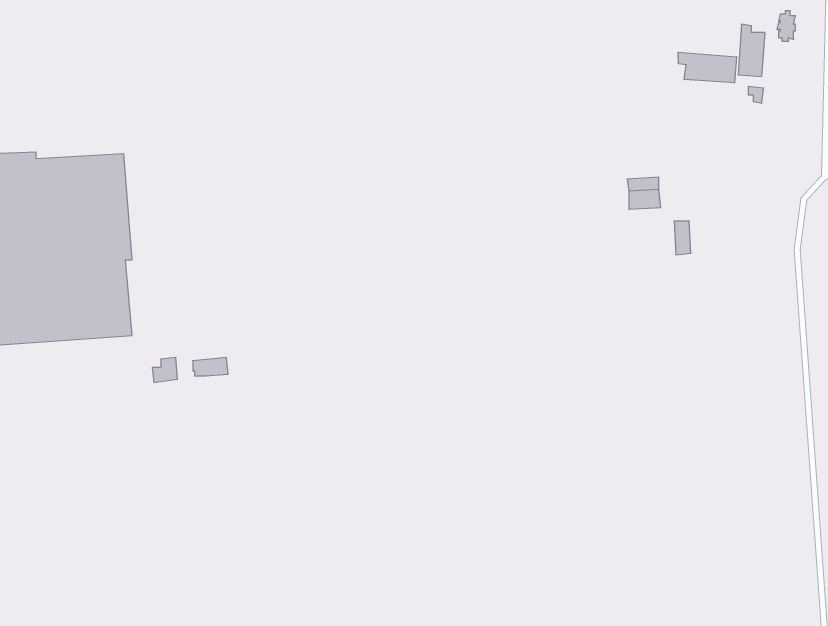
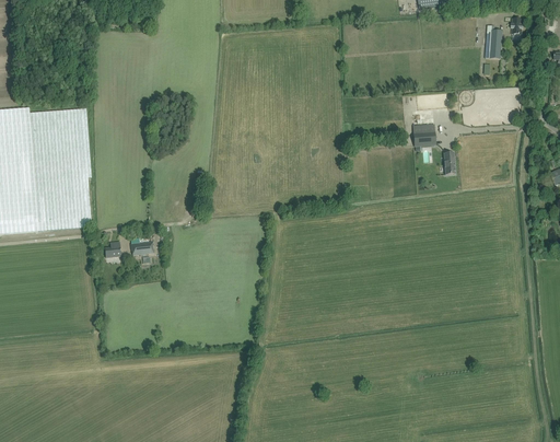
building: [678,52,737,83] -> none

